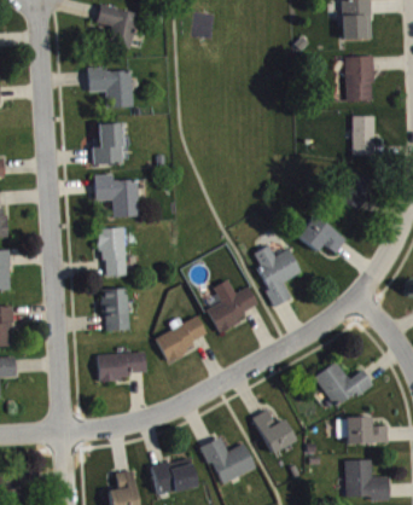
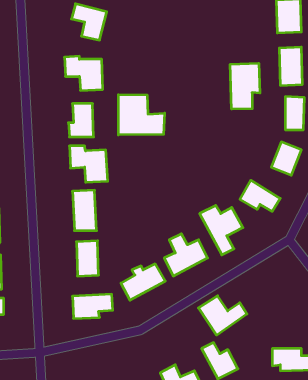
building: none -> [230,63,260,109]
building: none -> [118,95,165,135]
building: [314,362,372,410] -> [198,296,247,335]

